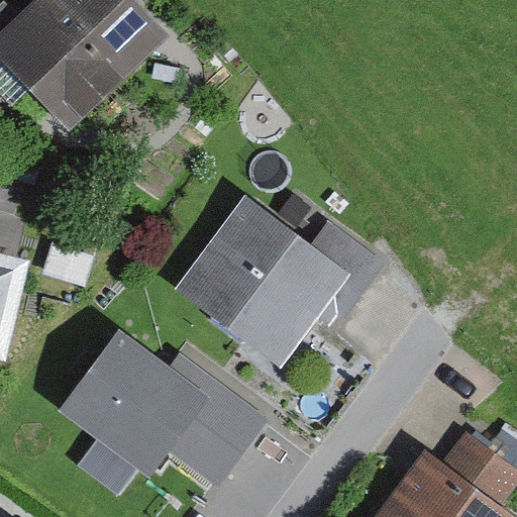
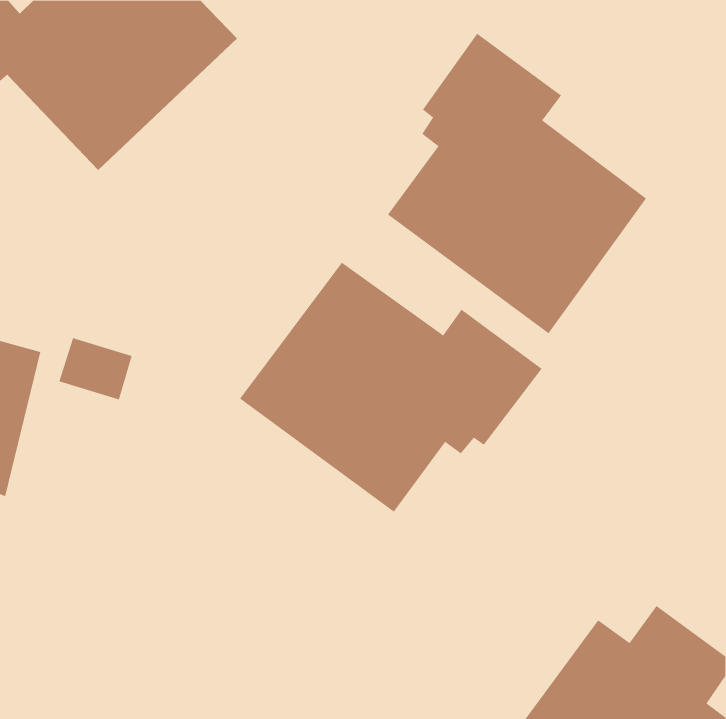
building: none -> [387,33,647,334]
building: [58,327,269,490] -> none

